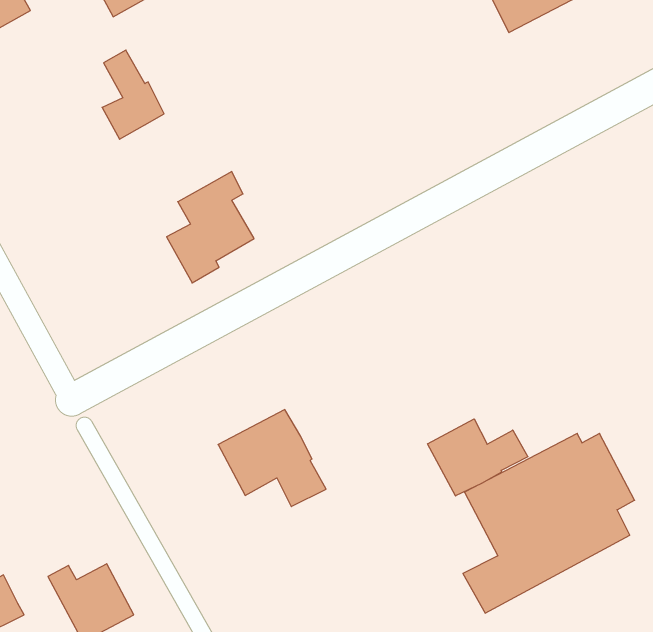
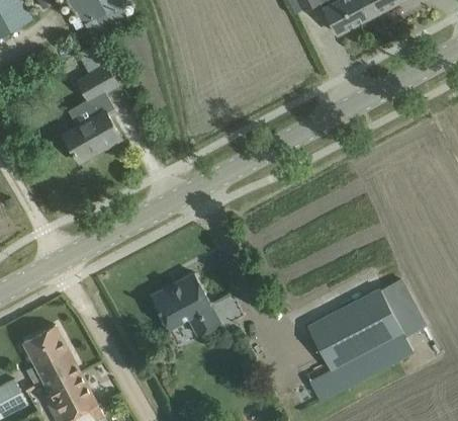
building: [167,172,254,283] -> [63,92,118,163]
building: [428,419,528,496] -> none
building: none -> [22,325,80,382]

